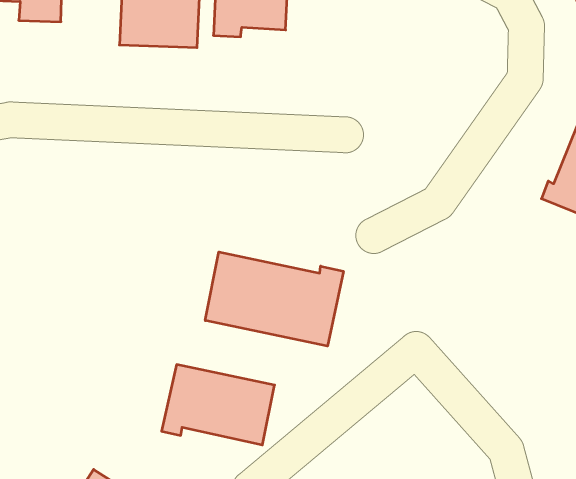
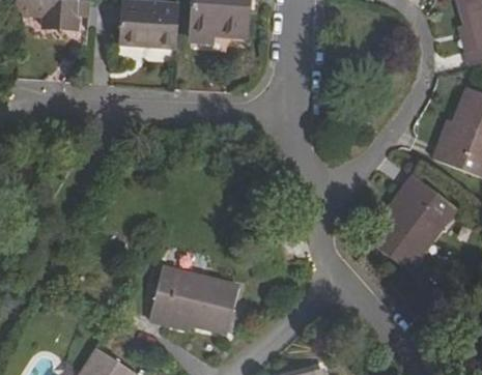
building: none -> [376,172,459,266]
building: [205,252,343,346] -> none

